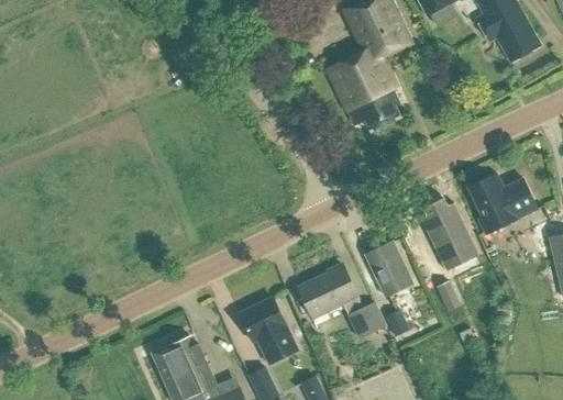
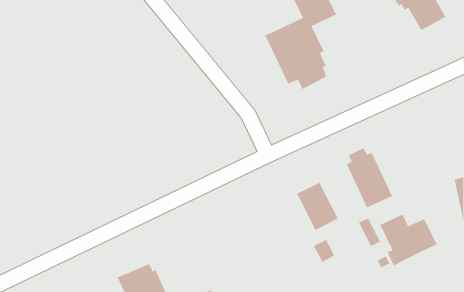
building: [470,173,538,234] -> [379,214,438,266]
building: [299,264,387,338] -> none
building: [239,297,298,364] -> none

